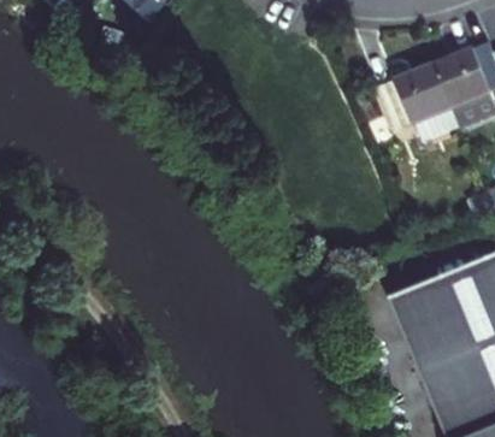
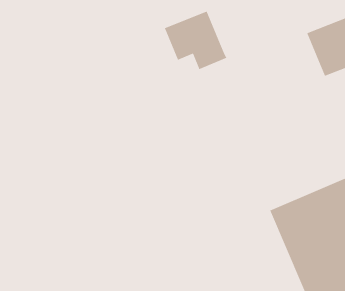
building: [382,63,465,141] -> [164,10,227,70]

